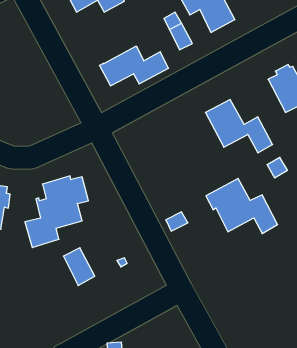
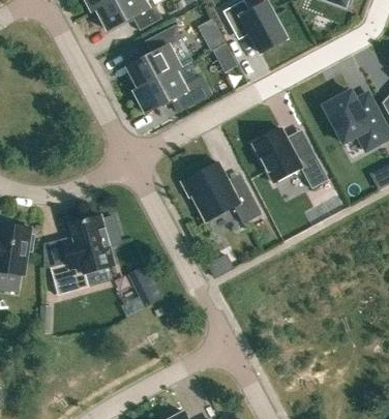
building: none -> [126,24,182,88]
building: [206,178,278,234] -> [181,161,262,223]
building: [63,248,95,286] -> [126,265,161,307]

